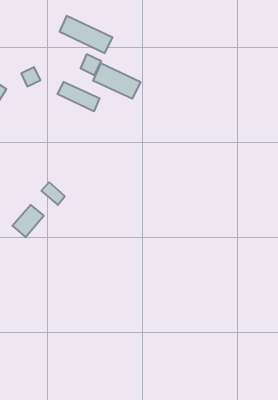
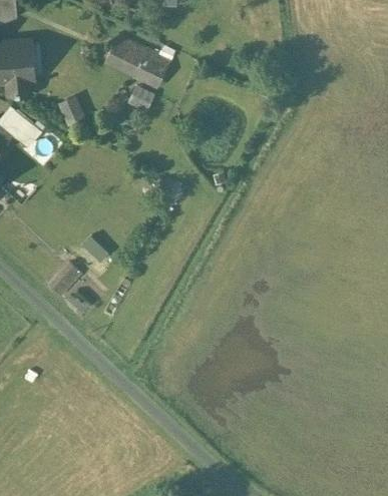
building: [93,63,140,99] -> none
building: [58,82,100,111] -> none

